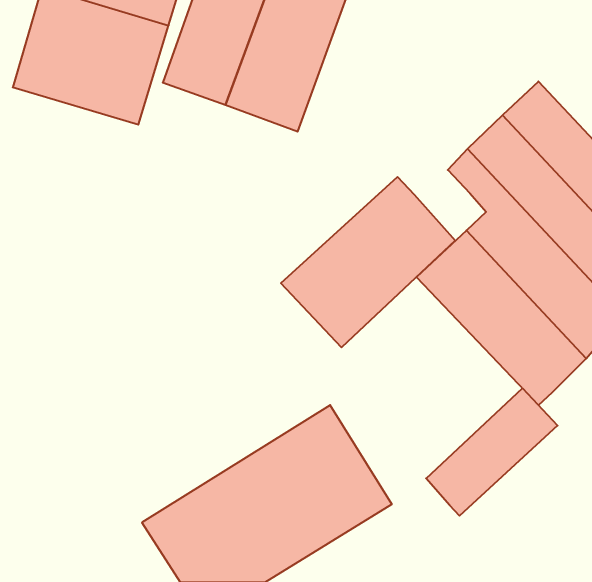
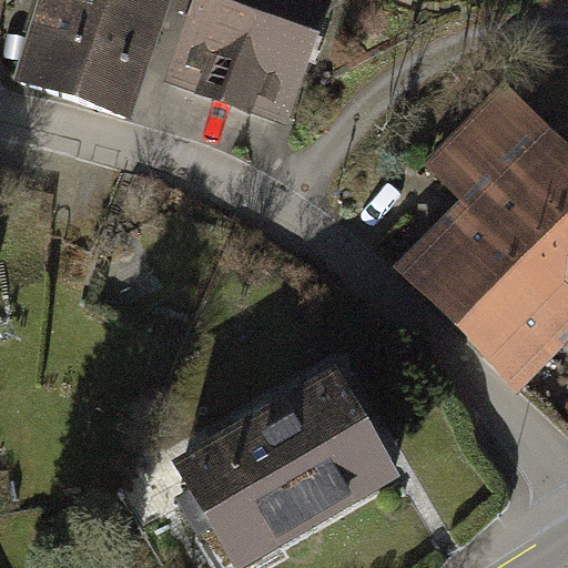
building: [281,177,455,347] -> none
building: [426,388,558,516] -> none

